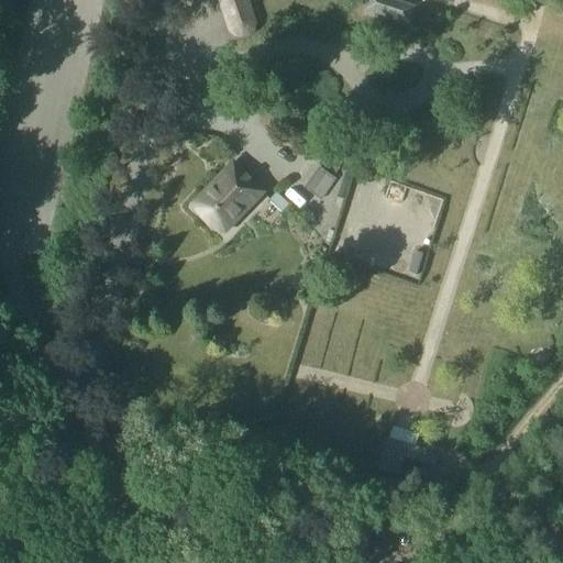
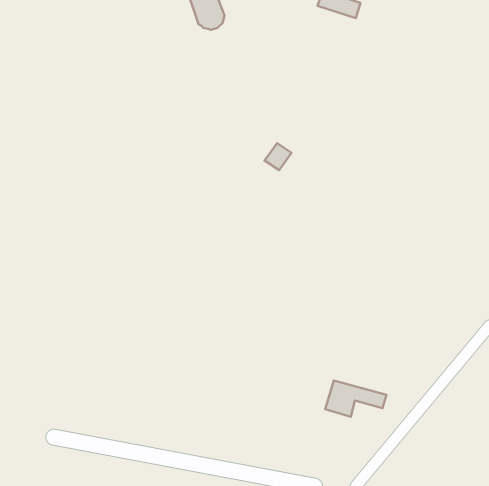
building: [199,164,262,229] -> none

